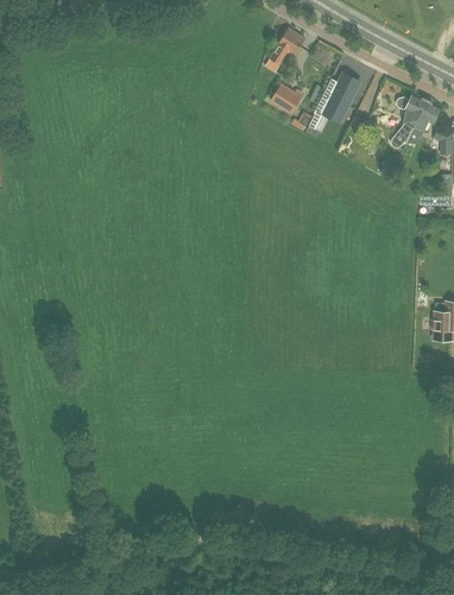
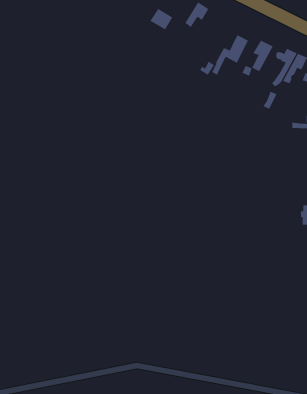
building: none -> [251,40,274,72]
building: [269,83,302,114] -> [149,8,173,30]

